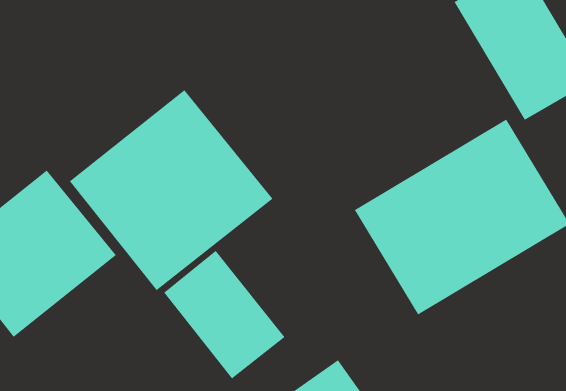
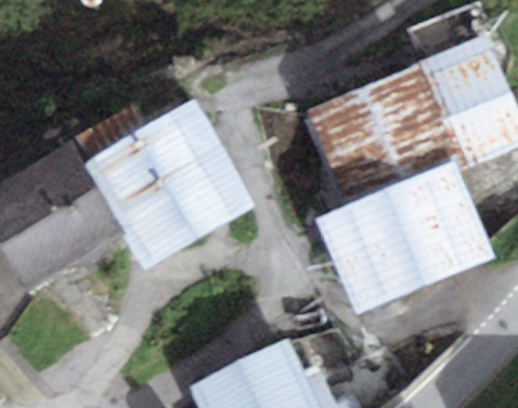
building: none -> [308,64,453,196]
building: [163,250,286,380] -> none

